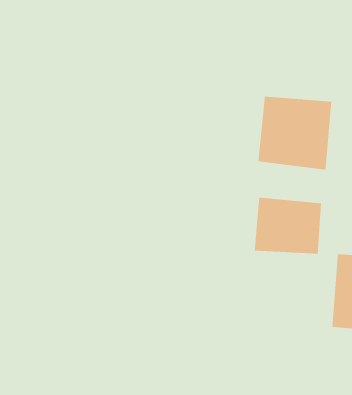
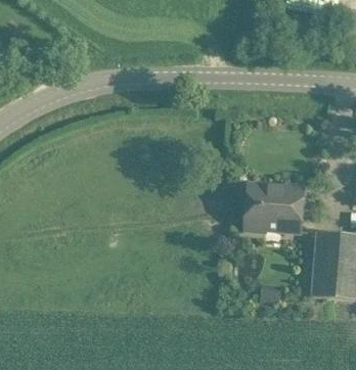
building: [257,96,332,171] -> none

